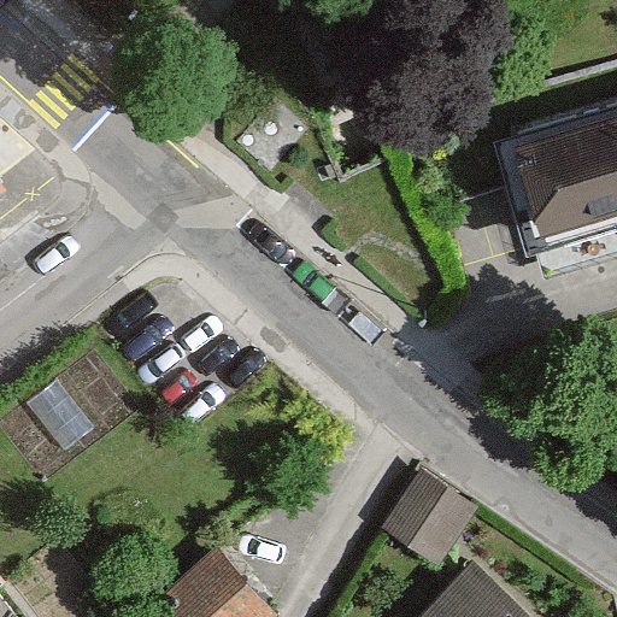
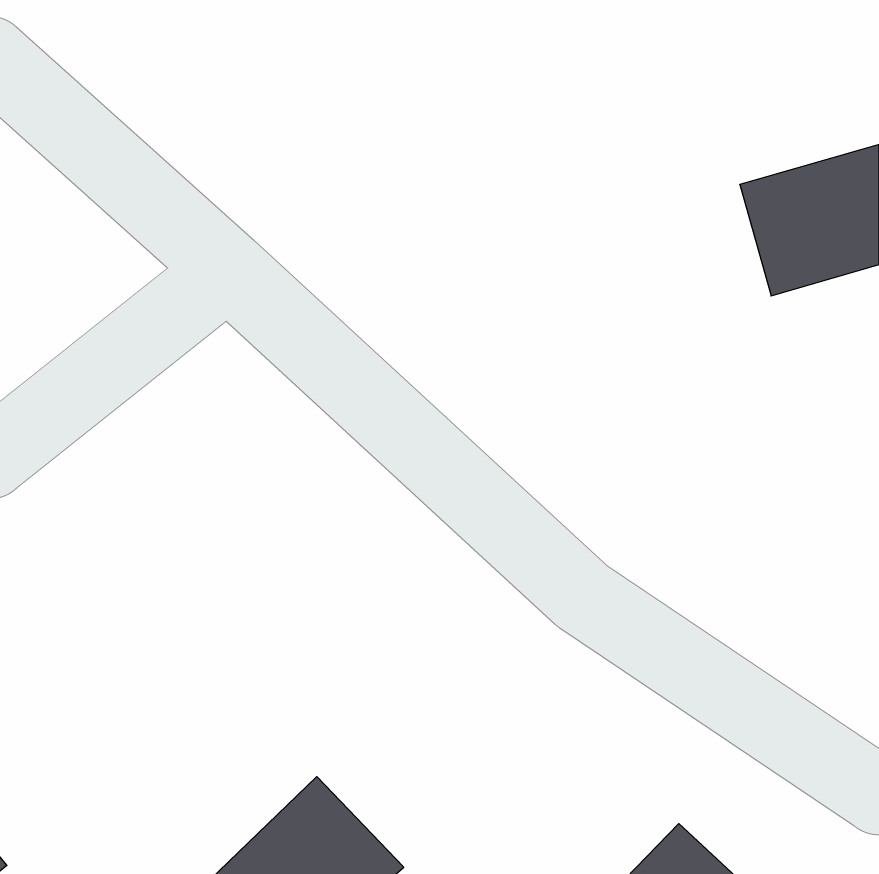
building: [383,471,475,564] -> none

